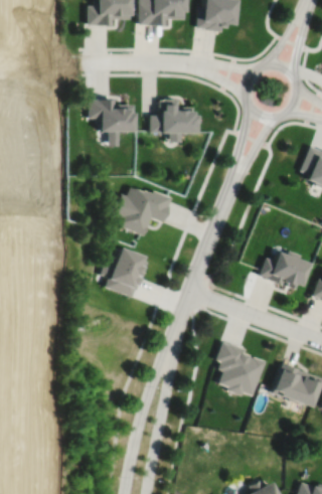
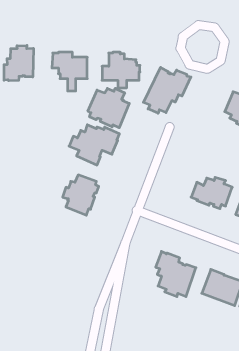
building: none -> [4,45,33,81]
building: none -> [143,67,191,113]
building: none -> [88,88,129,128]

